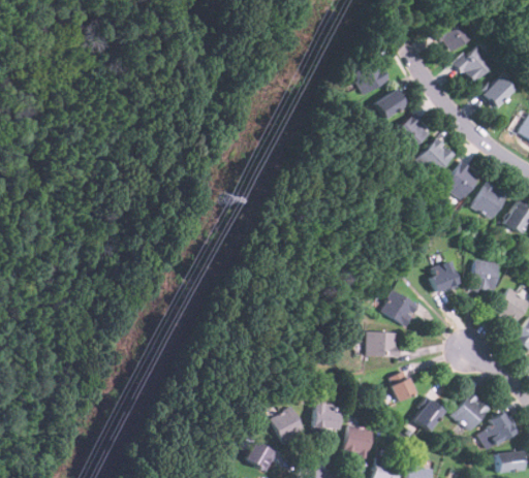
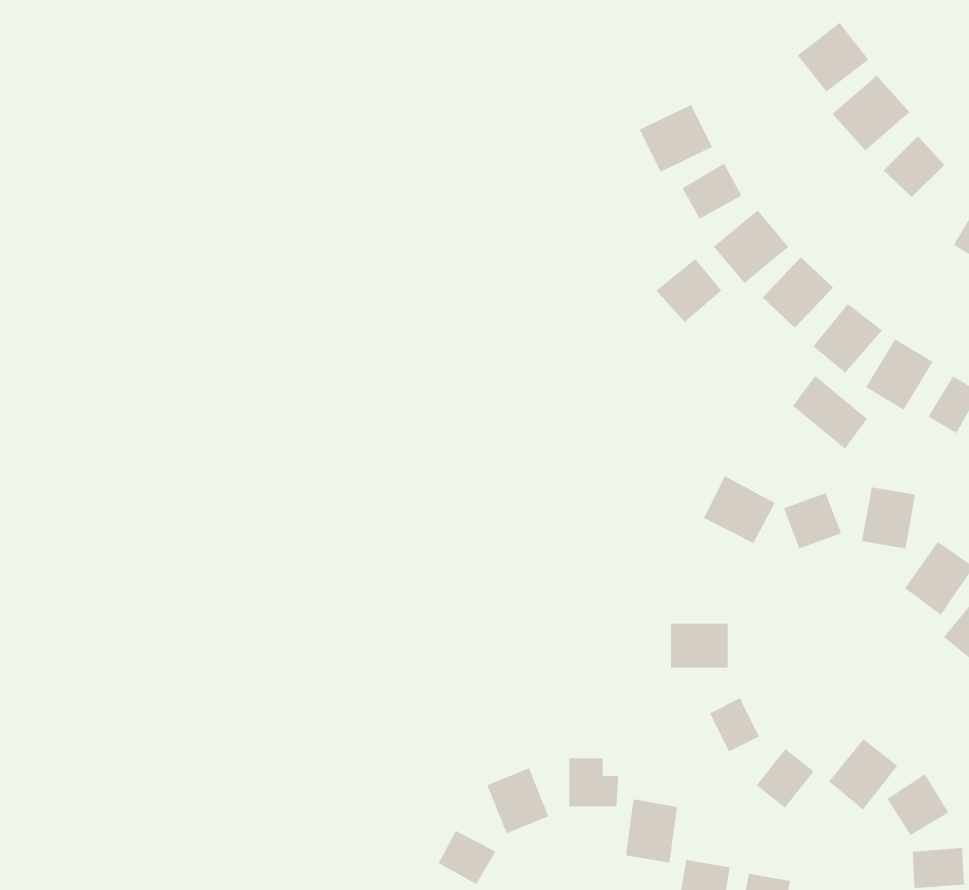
building: none -> [656,258,722,323]
building: none -> [792,375,868,450]
building: [381,289,419,325] -> [703,475,775,544]

